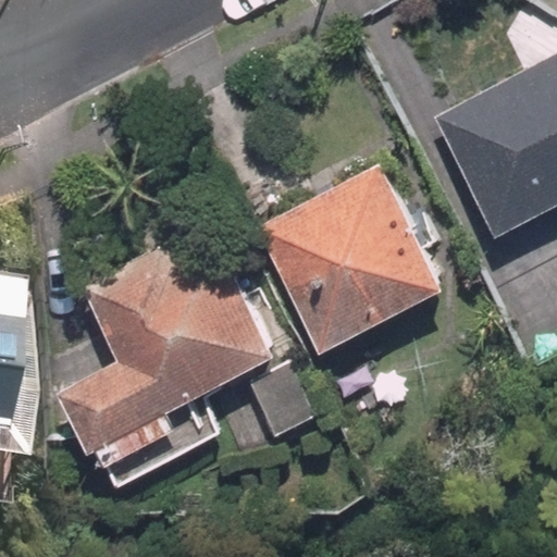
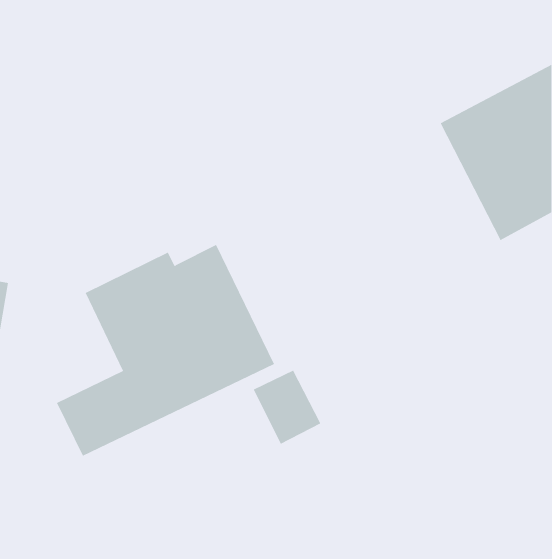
building: [258,165,444,352] -> none

